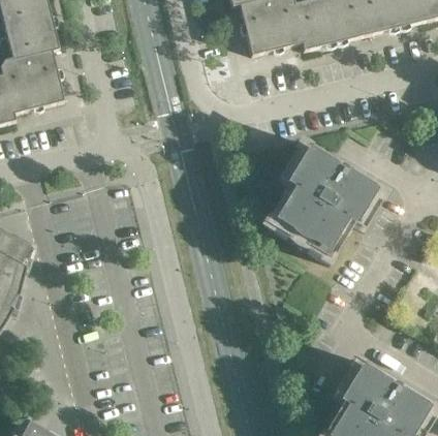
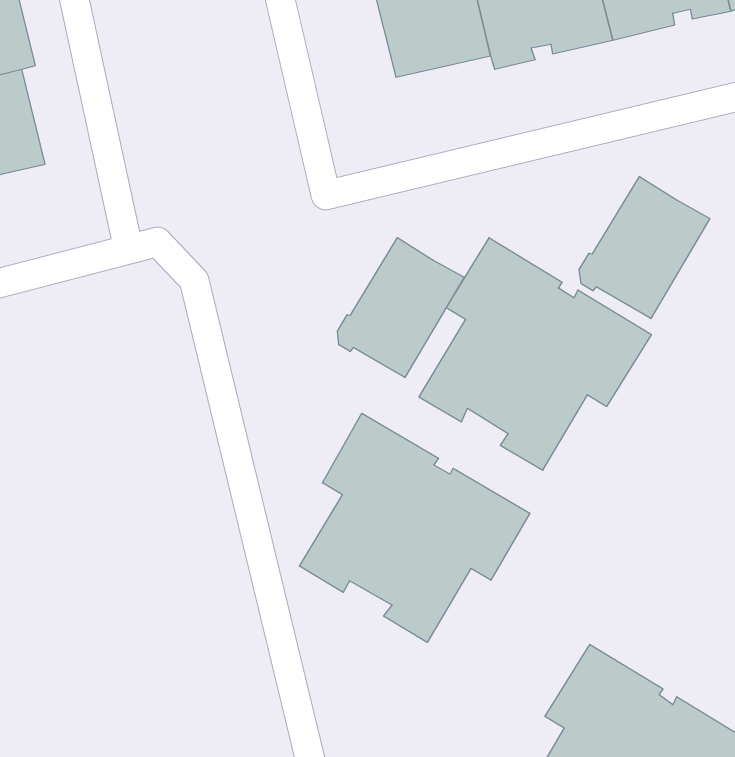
building: none -> [579,177,710,319]
building: none -> [338,238,464,378]
building: none -> [299,413,530,642]

